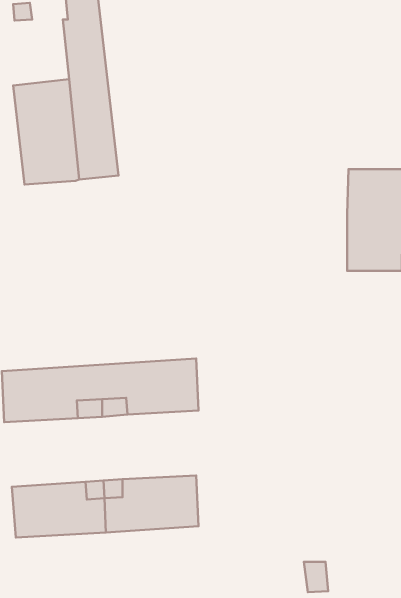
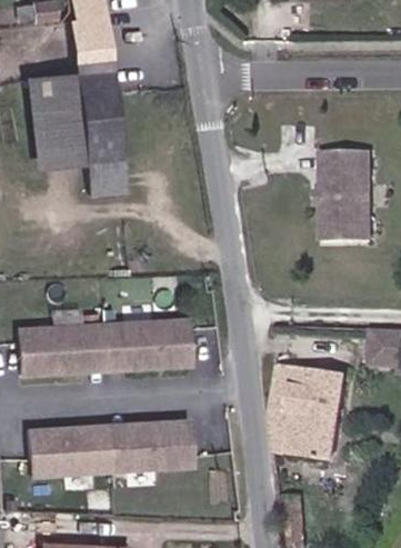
building: none -> [82,157,124,192]
building: none -> [273,365,349,461]

